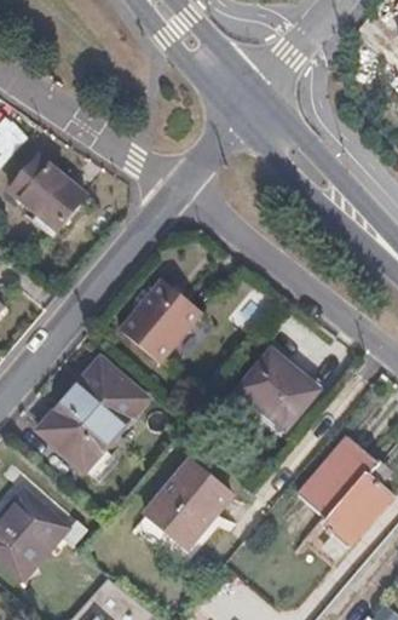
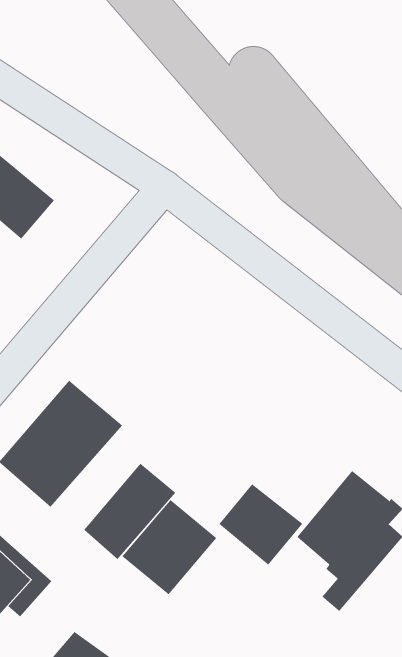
building: [122,279,200,358] -> none
building: [241,351,315,423] -> [219,483,303,565]
building: none -> [83,463,176,560]

